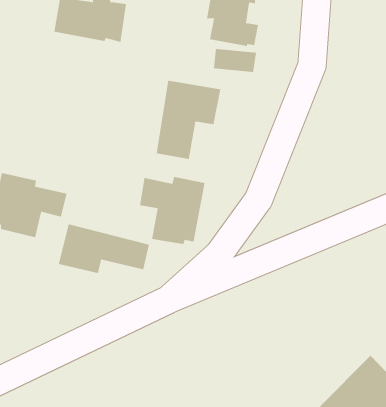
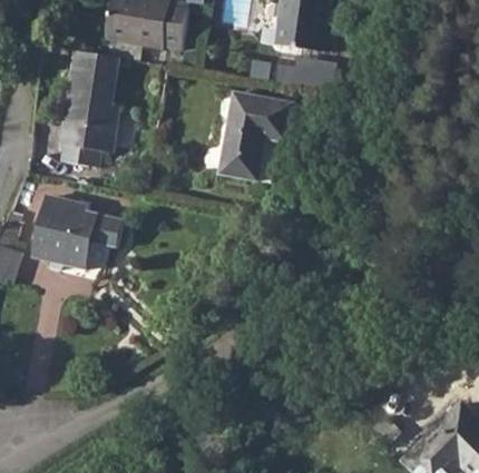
building: none -> [57,51,116,167]
building: [139,176,205,245] -> none
building: [58,224,149,274] -> none

